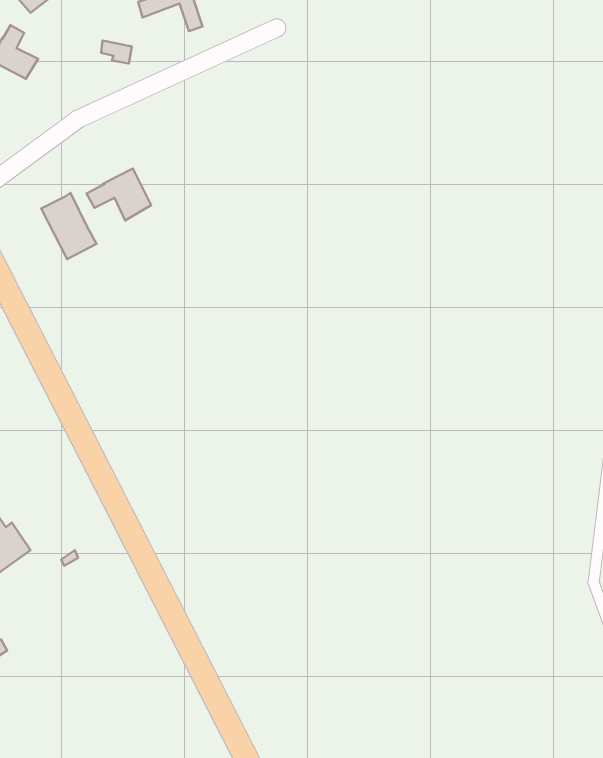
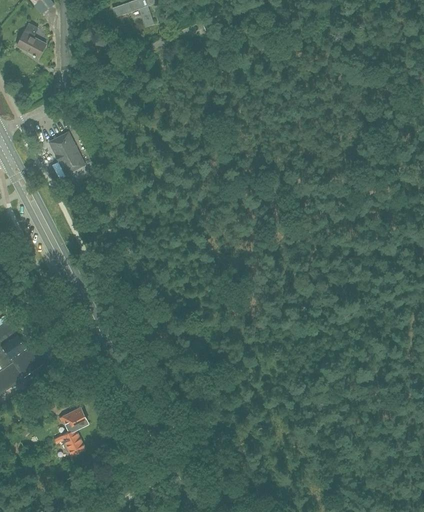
building: [87,168,151,220] -> none
building: none -> [60,406,88,454]

